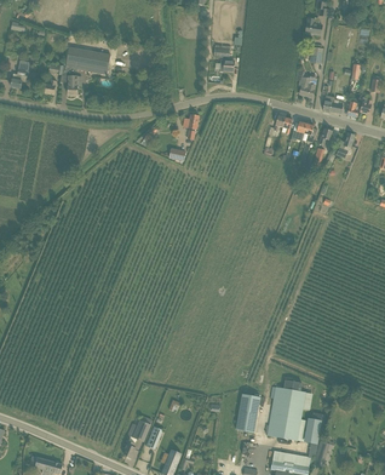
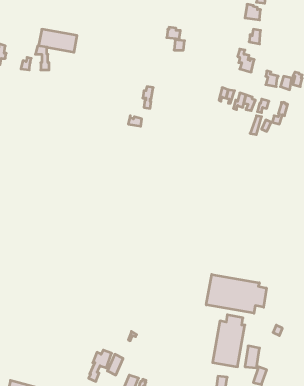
building: none -> [206,274,266,313]
building: [235,394,259,433] -> none

